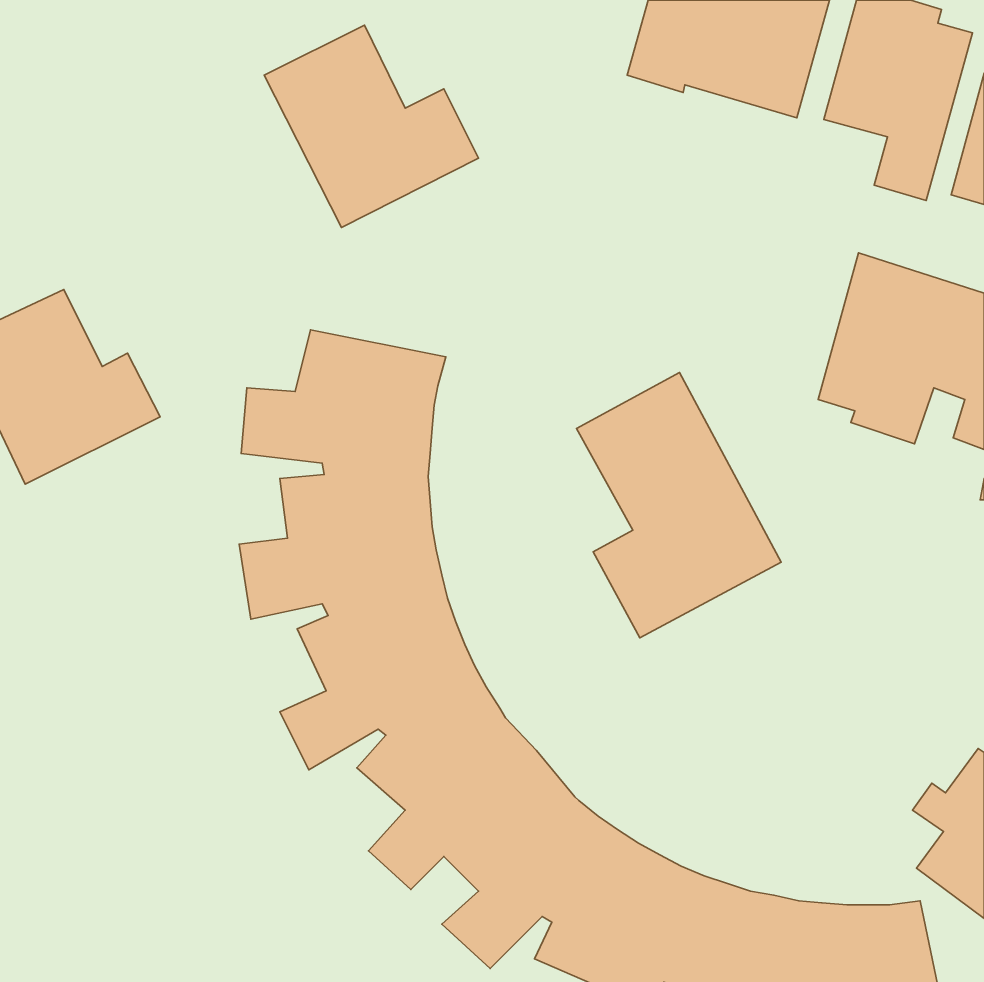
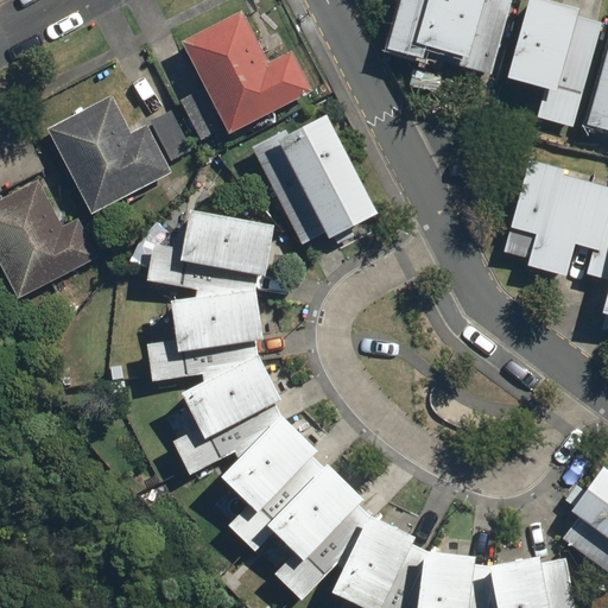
building: none -> [49,99,176,220]
building: none -> [251,115,376,242]
building: [577,372,781,638] -> none

